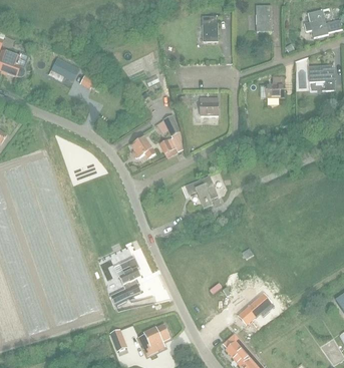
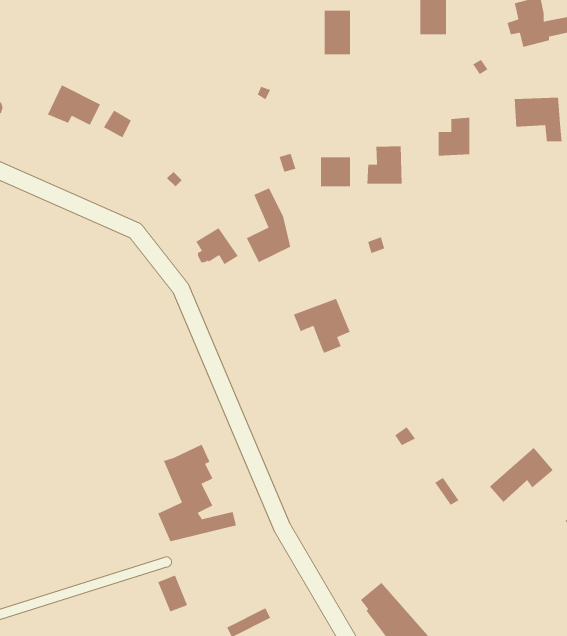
building: none -> [366,146,403,184]
building: [238,293,274,324] -> [489,447,554,503]
building: [137,323,168,348] -> none

